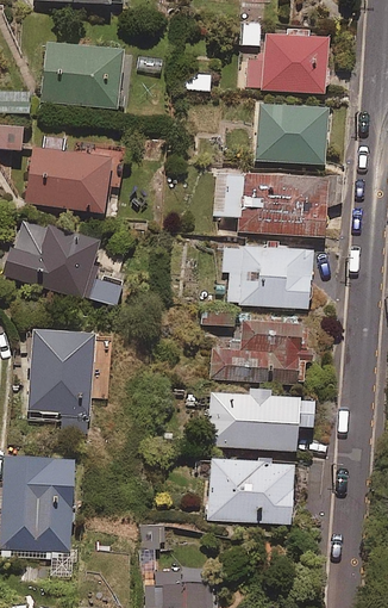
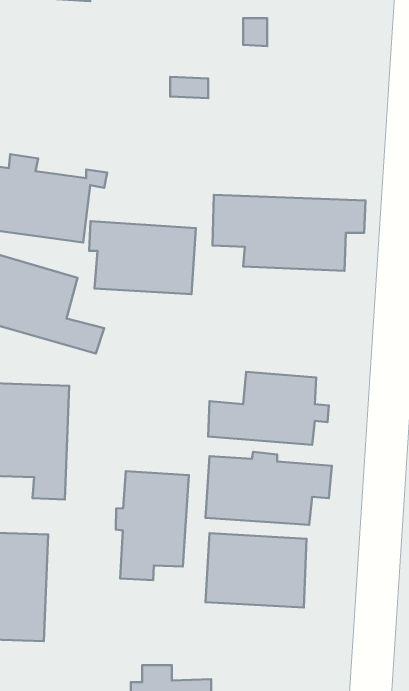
building: [245,29,330,93] -> none
building: [43,46,120,106] -> none
building: [255,105,328,165] -> none
building: [223,246,313,308] -> [89,221,196,294]
building: none -> [116,471,189,580]

